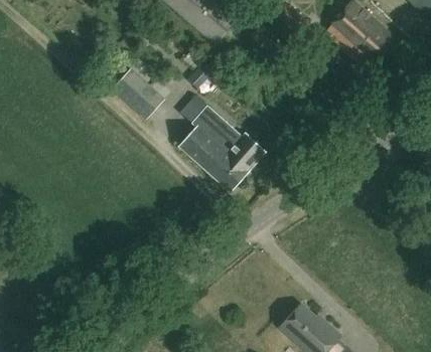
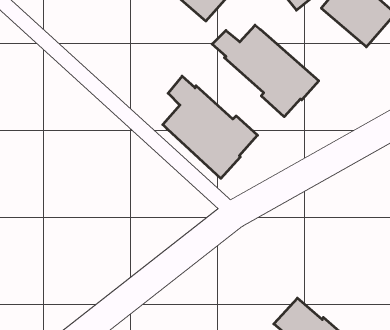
building: none -> [212,25,319,117]
building: [123,70,171,117] -> none

